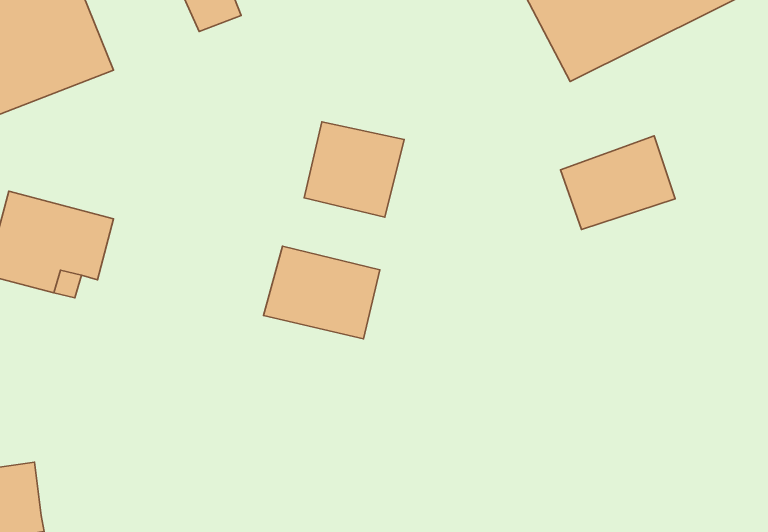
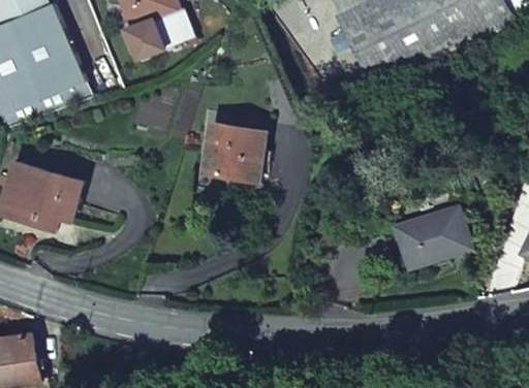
building: [560,136,675,230] -> [397,204,470,264]
building: [263,246,380,339] -> none

